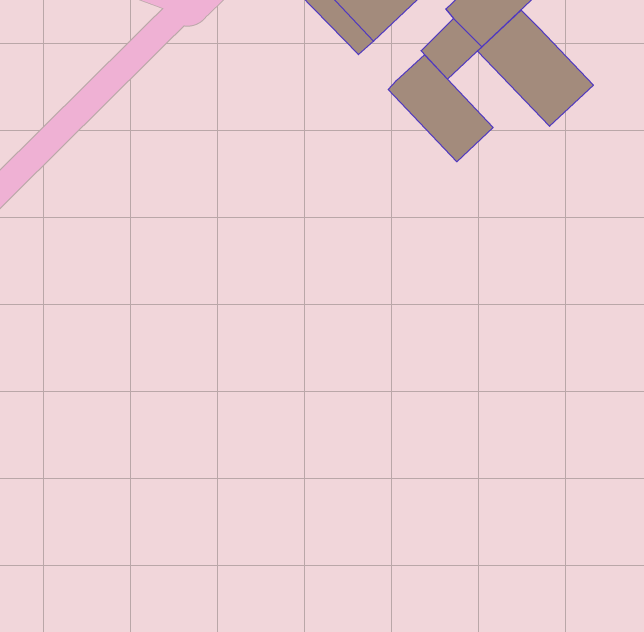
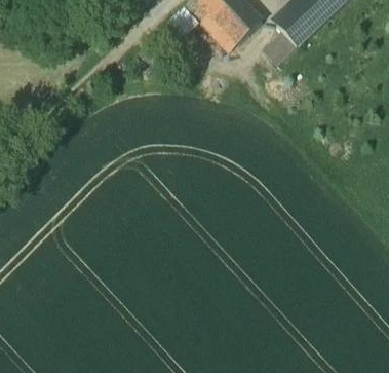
building: [477,10,593,126] -> none
building: [388,55,493,162] -> none

